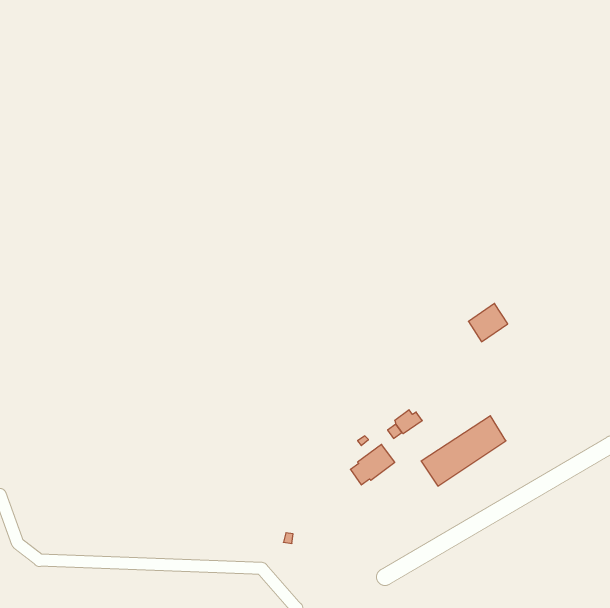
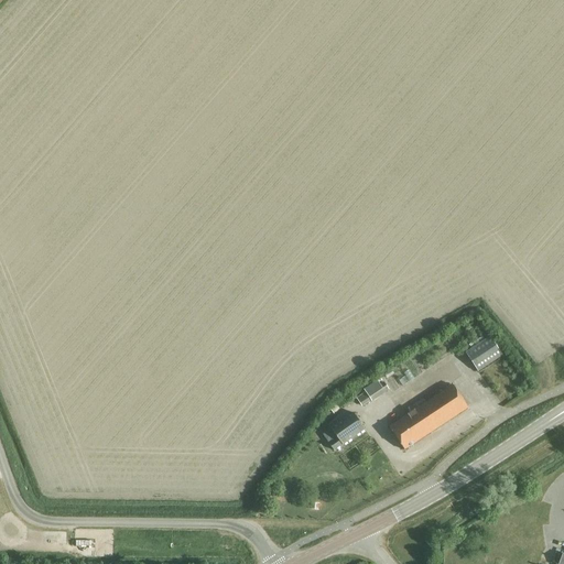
building: [468,303,508,342] -> [465,335,501,370]

